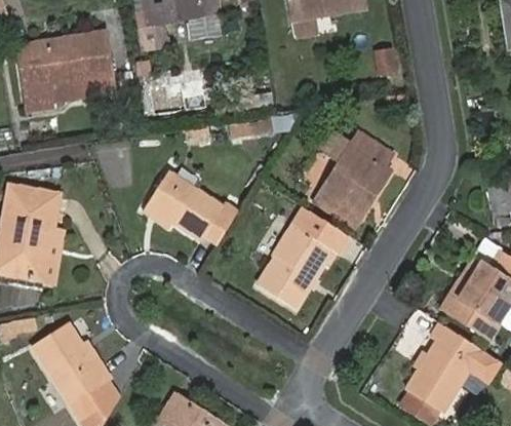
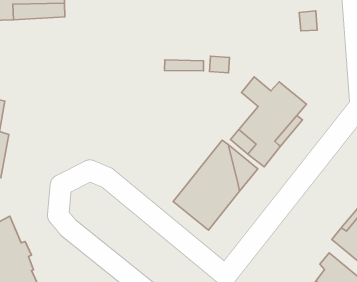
building: [149,173,239,245] -> none

